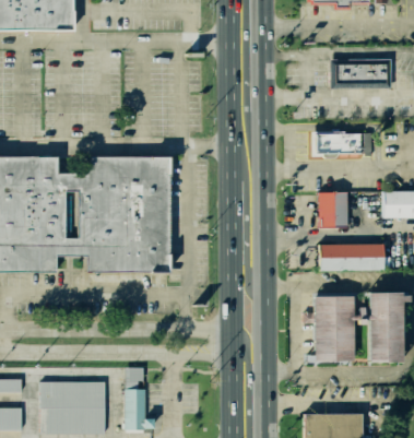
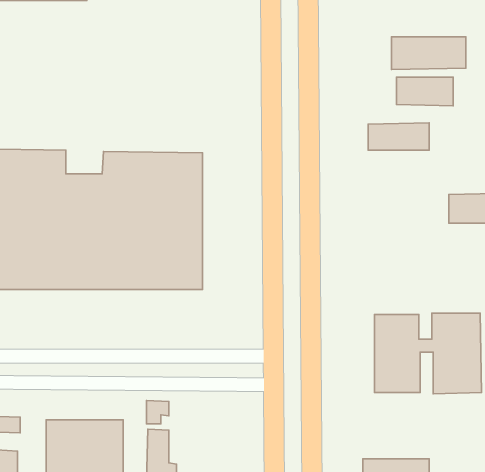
building: none -> [397,77,453,106]
building: [317,192,346,228] -> none
building: [316,245,391,272] -> none

